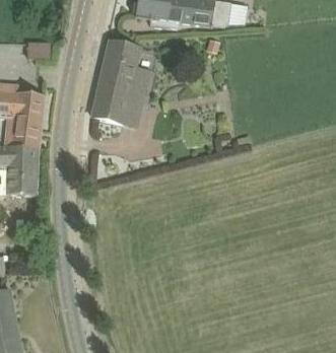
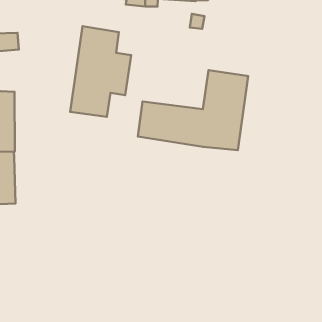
building: none -> [138,70,248,150]

